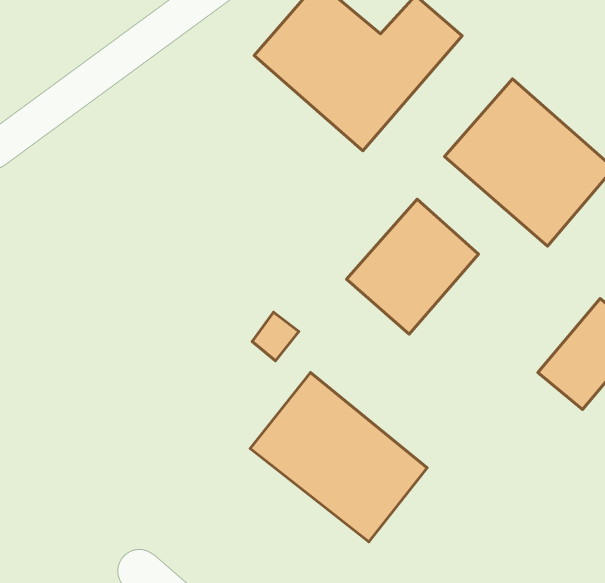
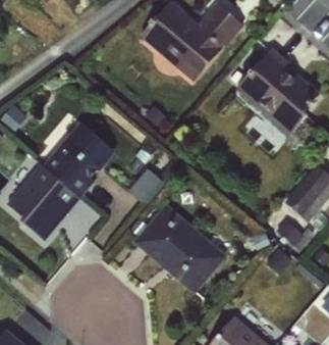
building: [347,199,478,334] -> none
building: none -> [11,112,116,236]

